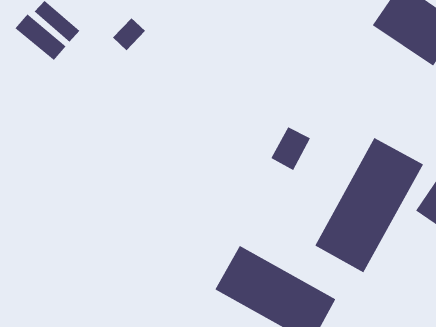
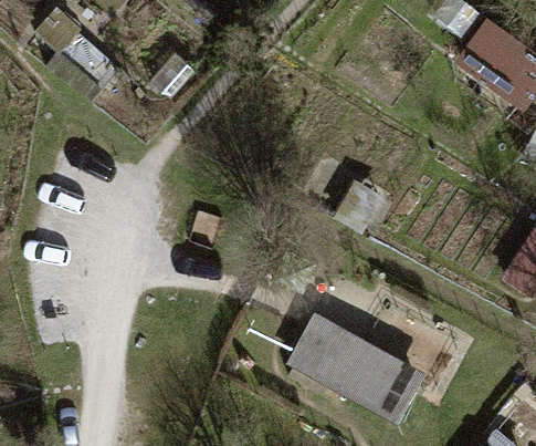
building: [315,137,424,273] -> none

